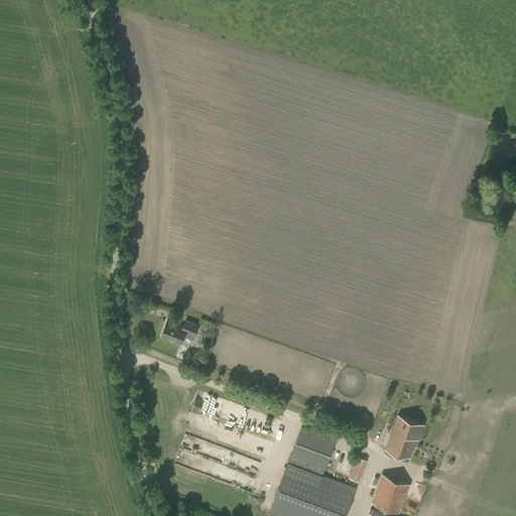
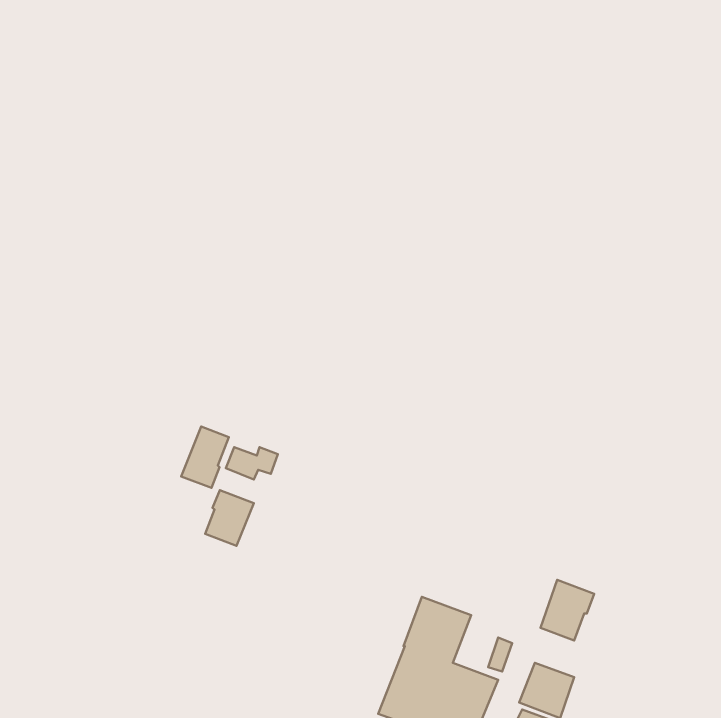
building: none -> [181,427,229,488]
building: none -> [205,490,254,546]

